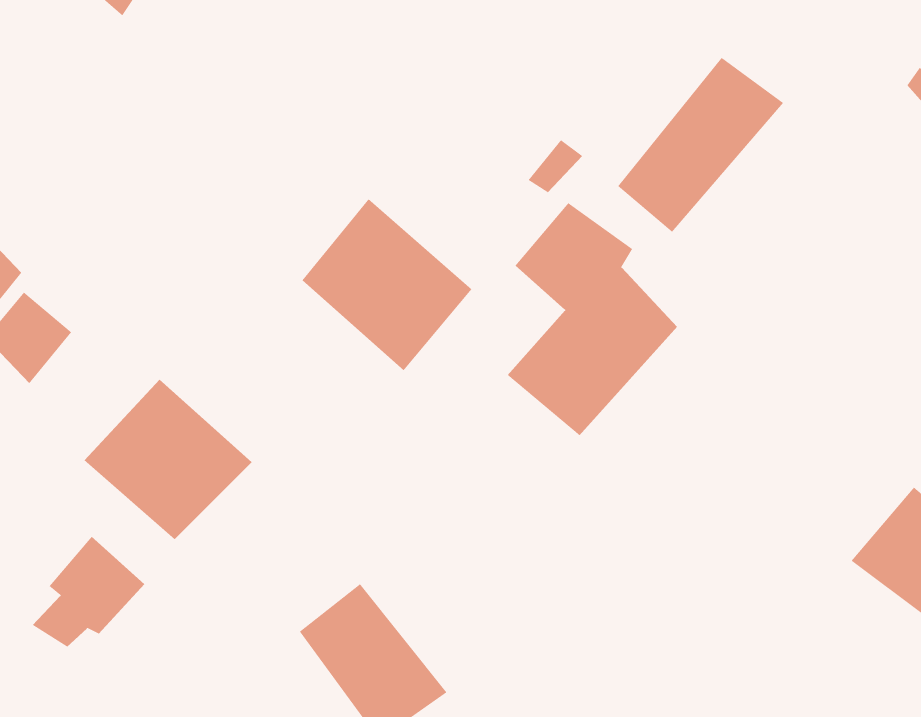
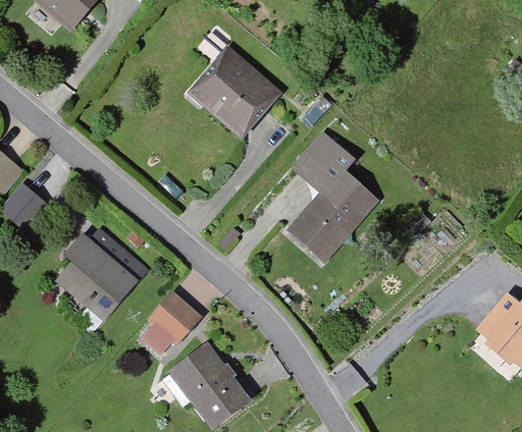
building: [617,57,784,233] -> none
building: [302,198,472,371] -> [189,43,282,138]
building: [32,536,145,647] -> [139,290,201,352]

